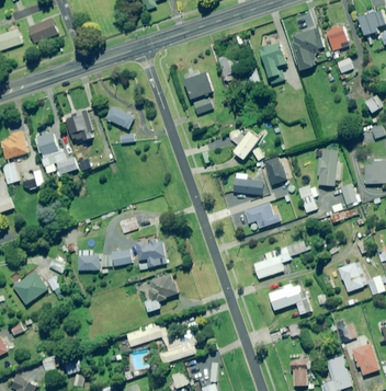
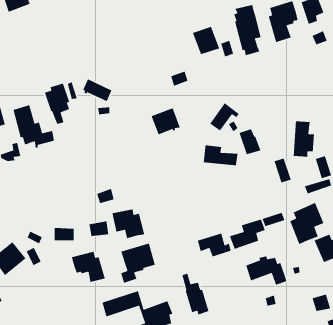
building: [184,71,215,100] -> [150,107,181,135]
building: [243,203,279,228] -> [197,233,232,258]
building: none -> [289,202,325,245]
building: none -> [71,251,106,283]
building: none -> [182,272,209,315]

